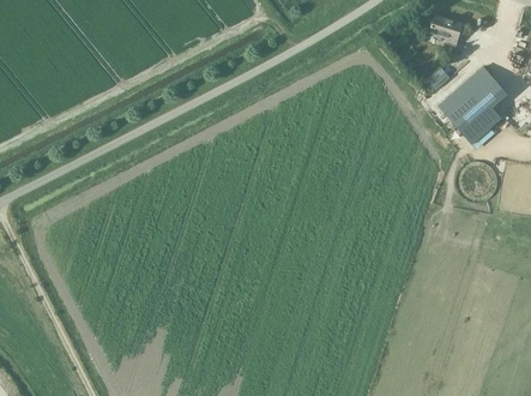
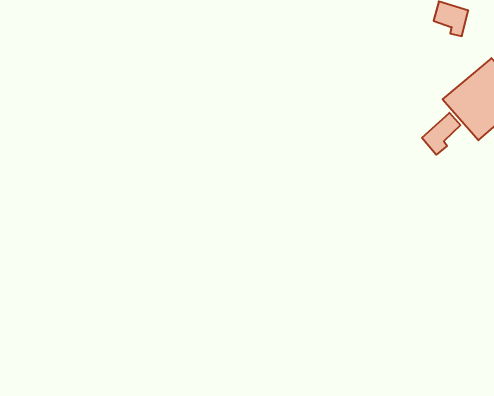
building: none -> [422,113,460,155]

